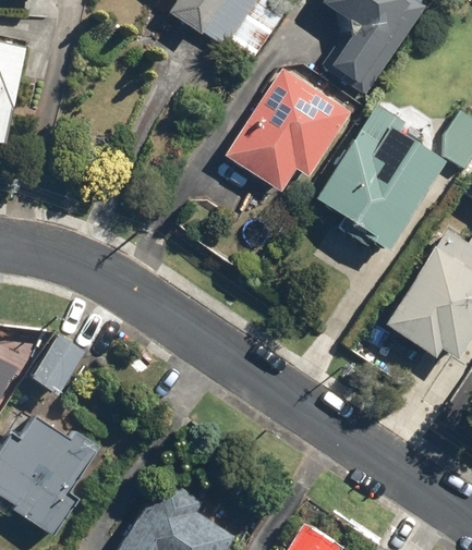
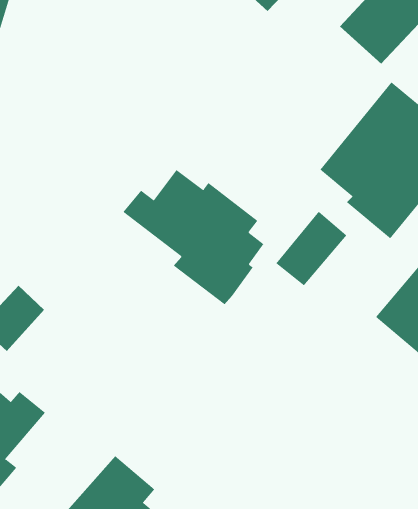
building: [228,65,353,191] -> none
building: none -> [123,169,264,305]
building: none -> [275,211,347,286]

